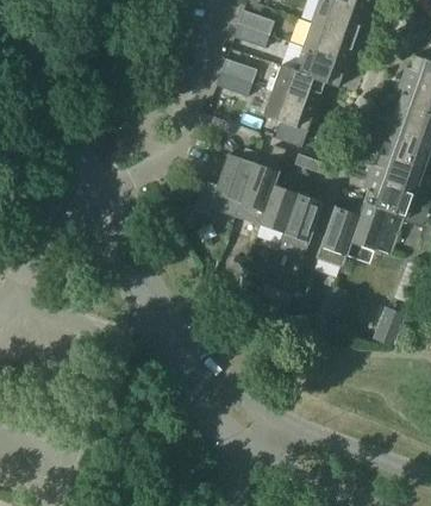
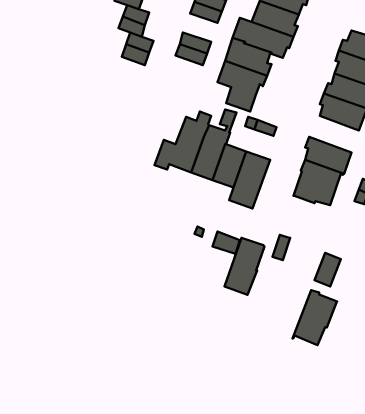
building: [367,151,423,193] -> none
building: [313,205,358,269] -> [224,238,265,295]
building: none -> [292,290,337,345]

